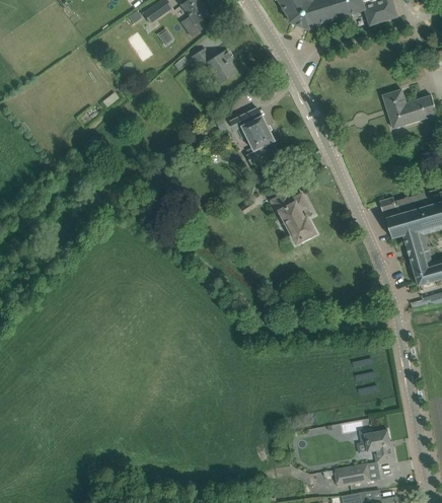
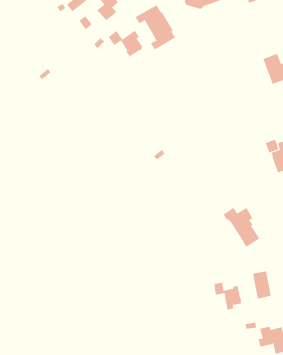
building: [228,107,278,164] -> [135,4,176,50]
building: [271,193,315,243] -> [223,207,260,247]
building: none -> [214,282,242,311]

